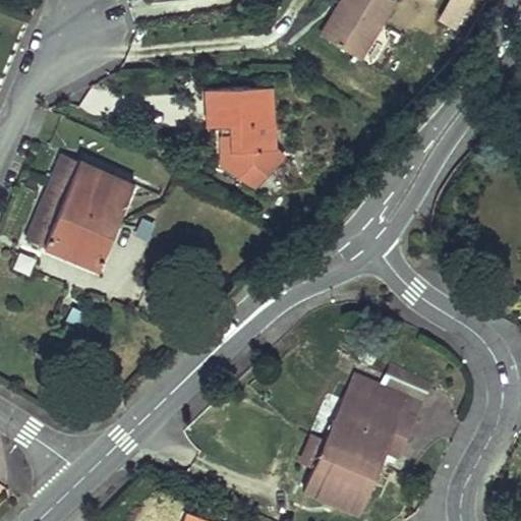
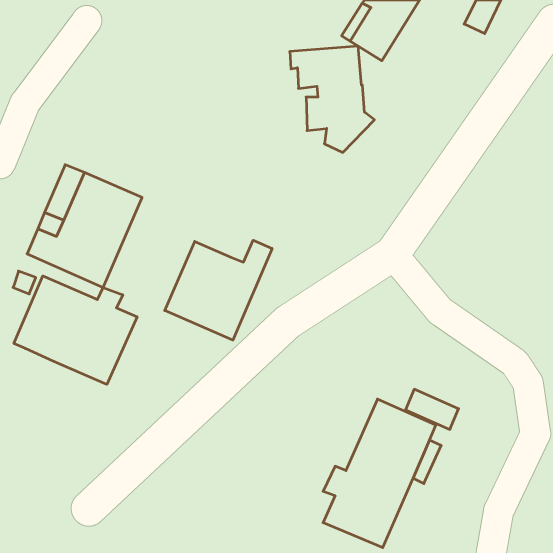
building: [206,86,285,186] -> [290,46,374,152]
building: none -> [165,240,272,340]
building: none -> [14,276,137,384]

